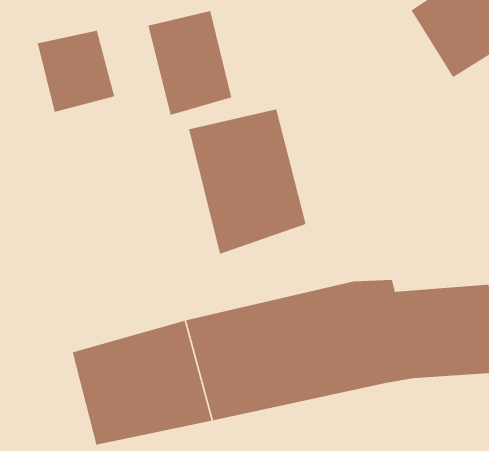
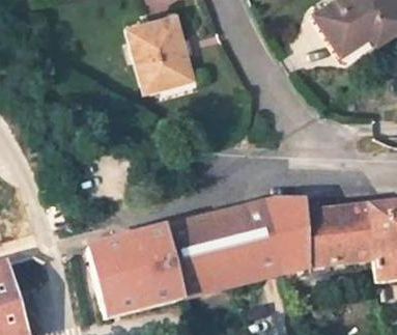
building: [37,30,115,113] -> none
building: [188,108,307,255] -> none

